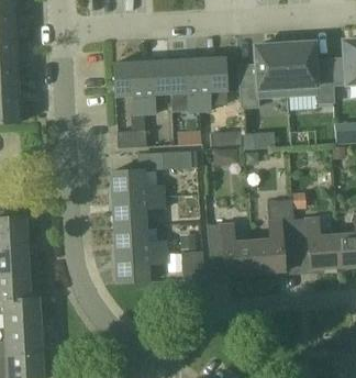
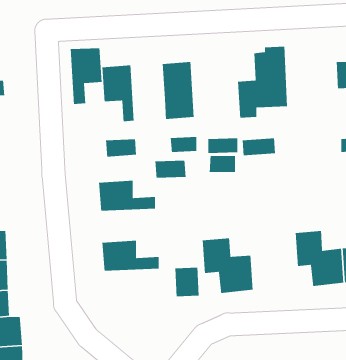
building: [285,43,334,108] -> none
building: [197,57,229,111] -> none
building: [141,60,171,114] -> [70,47,103,105]
building: [112,197,165,227] -> none
building: [253,200,296,273] -> none
building: [115,253,168,284] -> none

